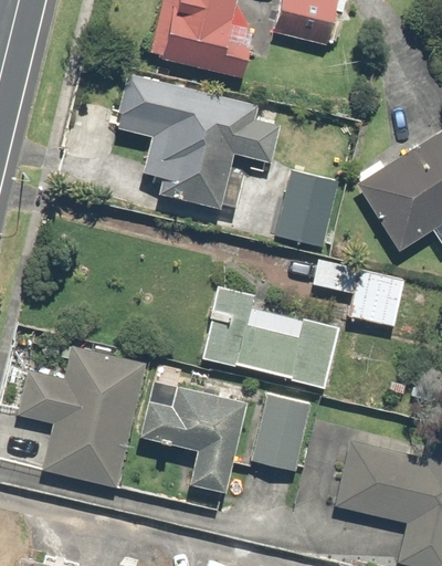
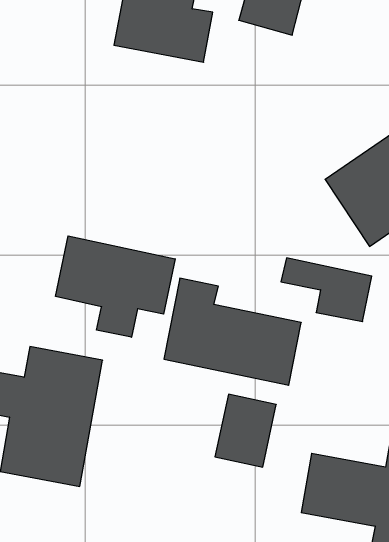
building: [114,74,281,208] -> none
building: [276,168,339,244] -> none
building: none -> [56,236,175,337]
building: [143,381,245,489] -> none

